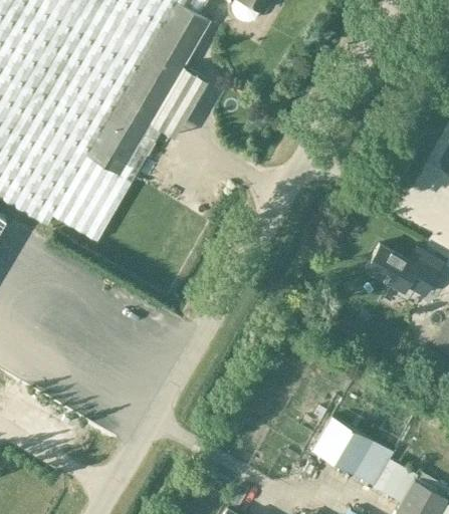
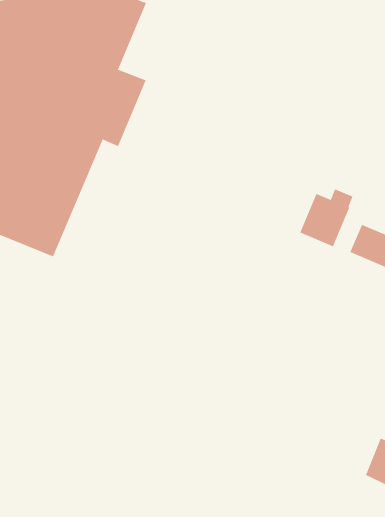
building: none -> [299,189,353,247]
building: [312,418,372,474] -> none

